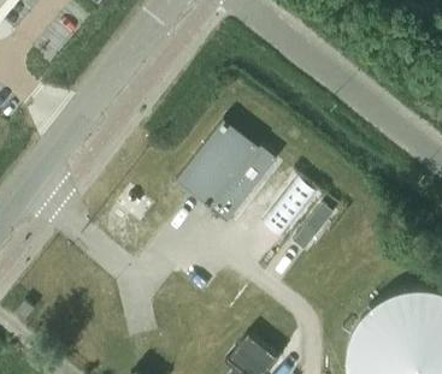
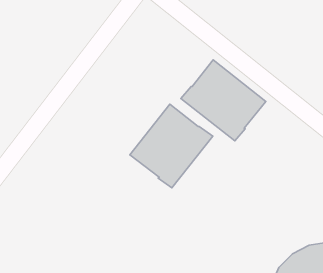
building: none -> [181,60,266,141]

